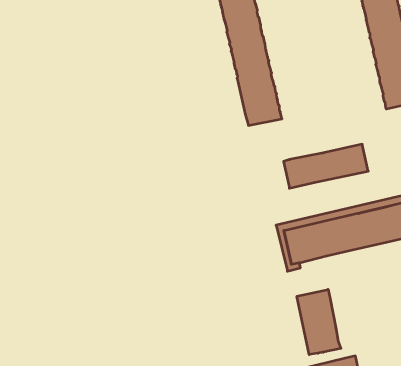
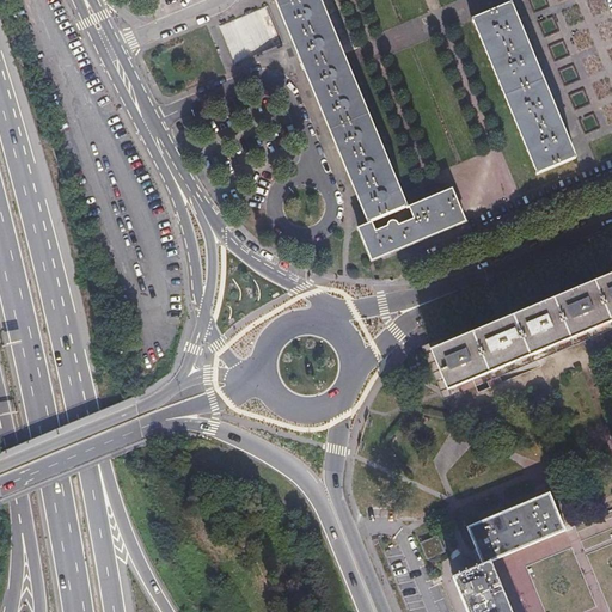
building: [284,144,368,188] -> [361,190,469,261]
building: [297,289,341,355] -> none

